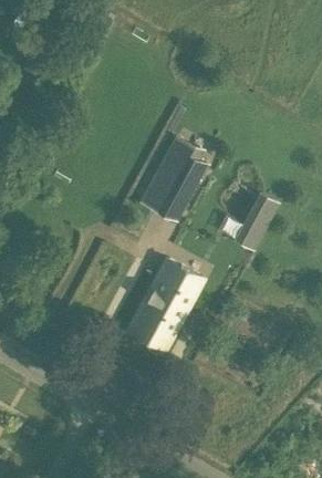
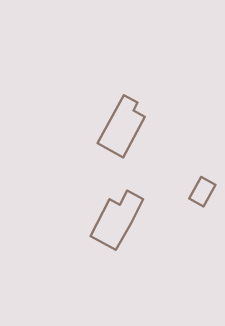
building: [243,195,280,236] -> [189,177,215,206]

